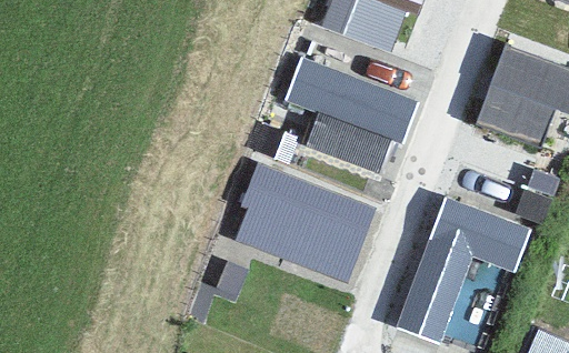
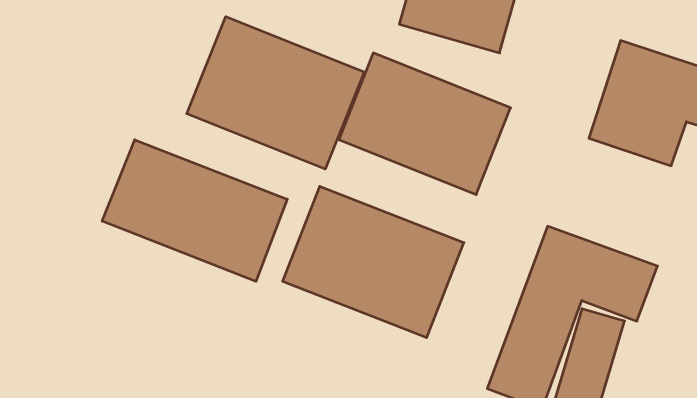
building: none -> [187,17,364,169]
building: none -> [102,140,287,281]

